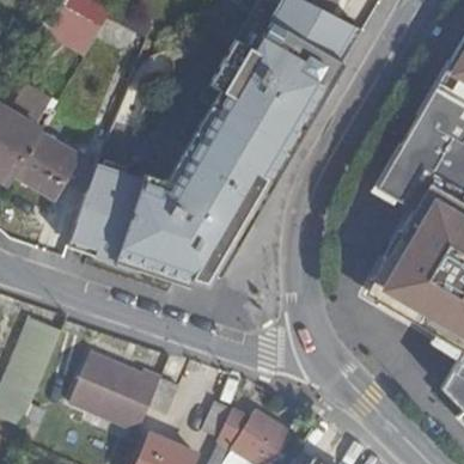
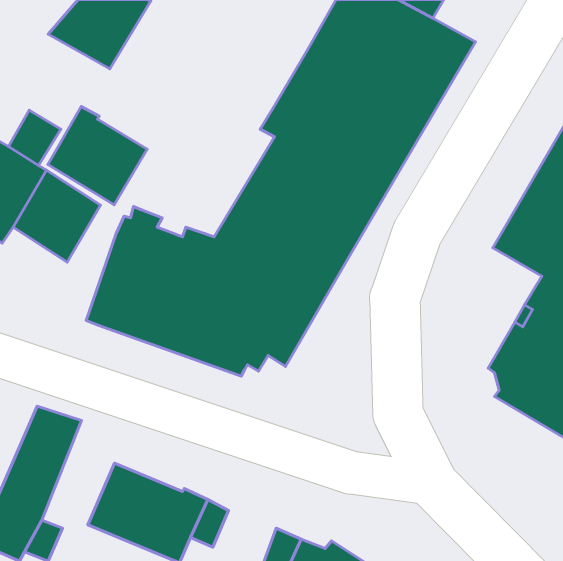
building: none -> [48,106,147,205]

